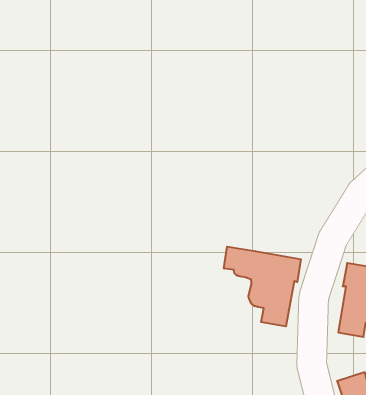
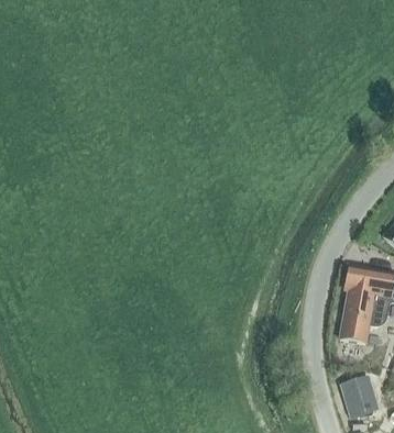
building: [224,247,301,326] -> none

